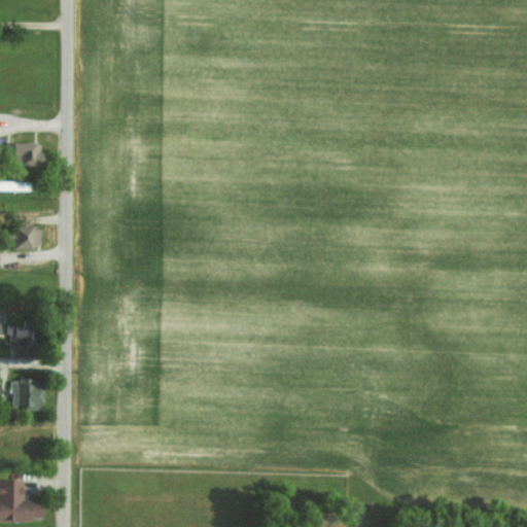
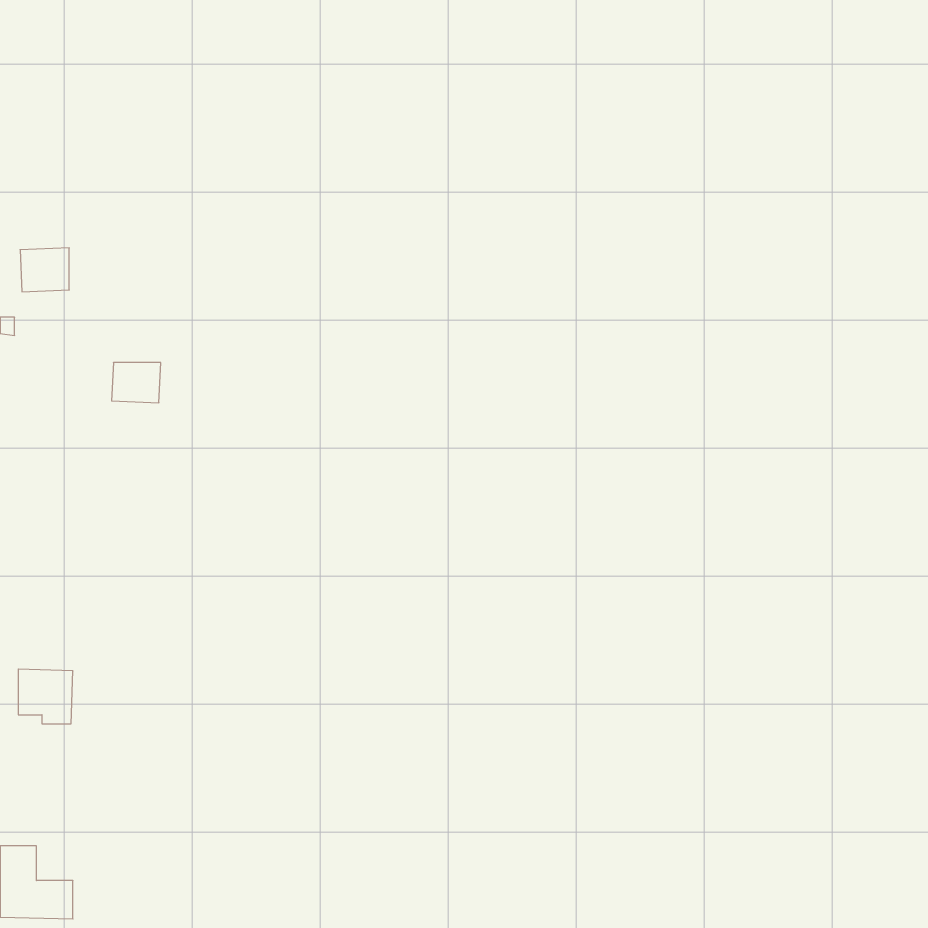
building: [12,226,40,249] -> [112,363,161,403]
building: [9,321,33,346] -> none

